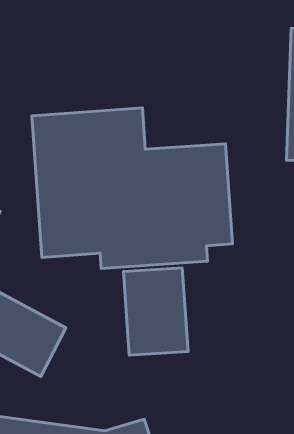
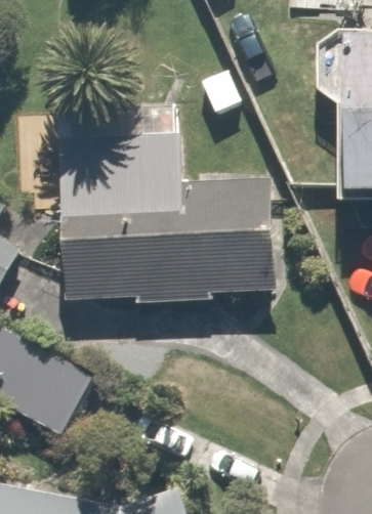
building: [123,268,188,355] -> none

